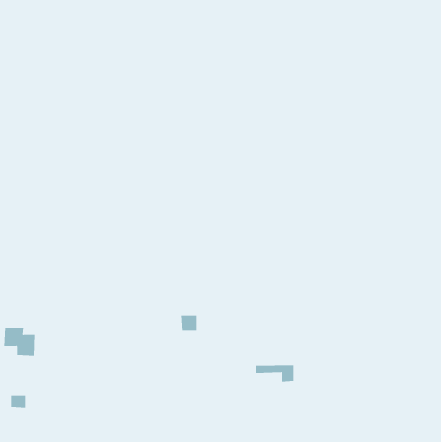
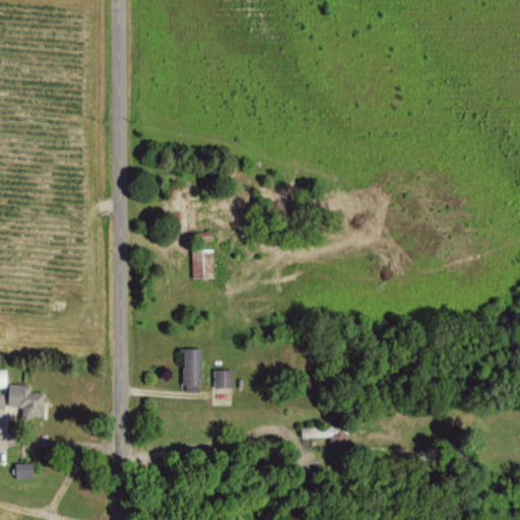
building: none -> [193,250,216,279]
building: none -> [183,349,202,392]

